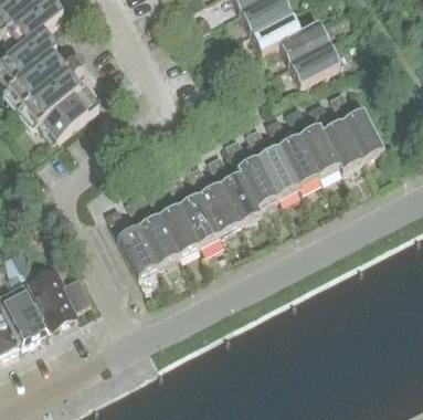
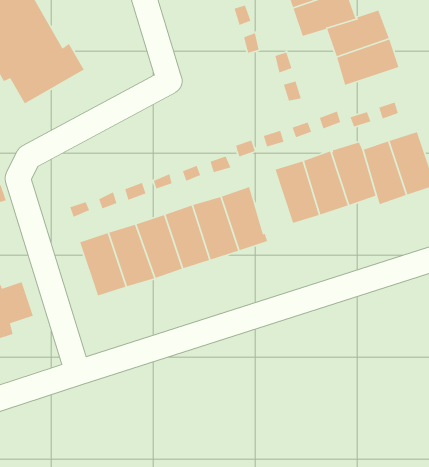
building: [234,155,276,206] -> none

